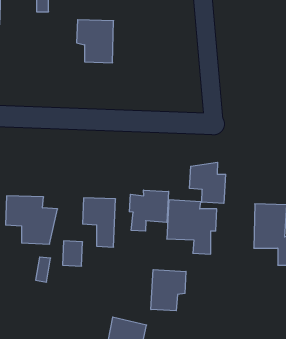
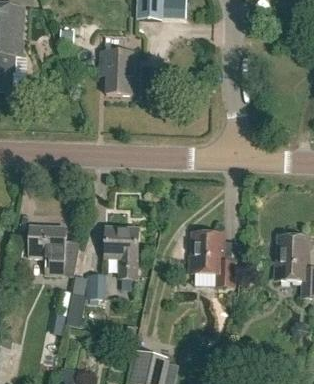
building: [189,162,226,203] -> none
building: [129,190,169,231] -> none
building: [151,270,186,311] -> none

